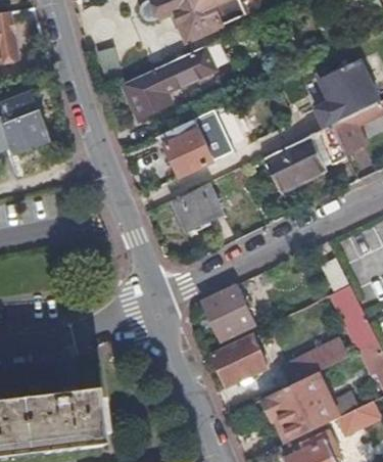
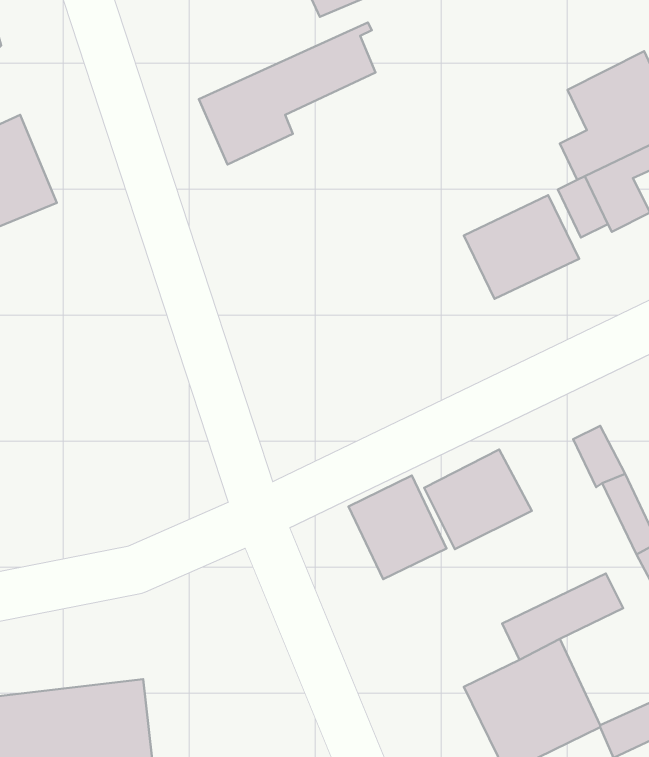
building: [162,100,237,176] -> none
building: [174,182,222,228] -> none
building: [211,331,269,384] -> [424,449,532,549]

